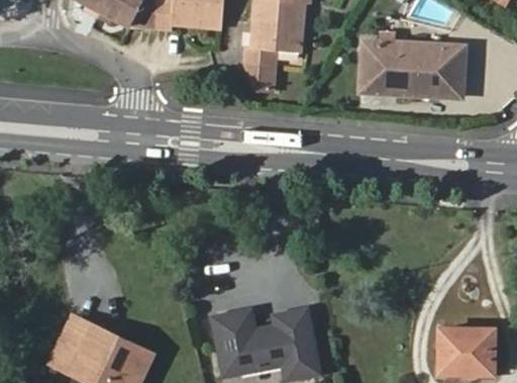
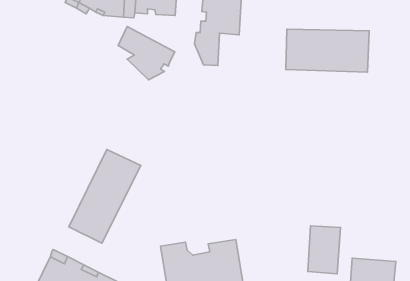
building: none -> [118,26,175,80]
building: none -> [69,149,141,243]
building: none -> [308,226,341,274]

